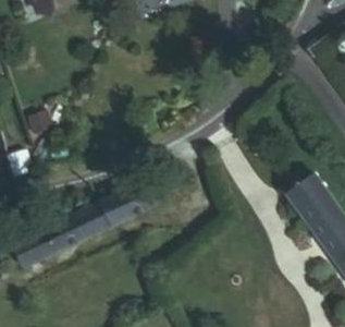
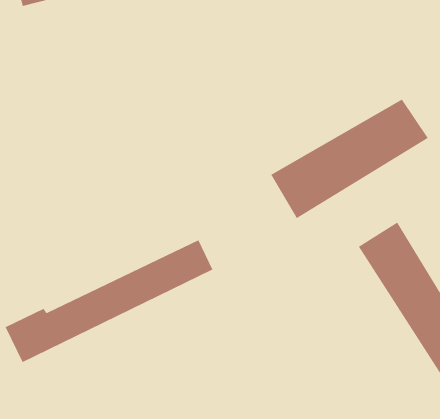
building: none -> [270,99,429,219]

